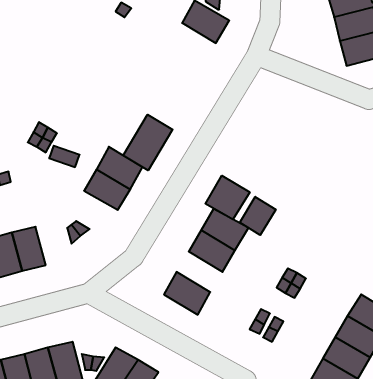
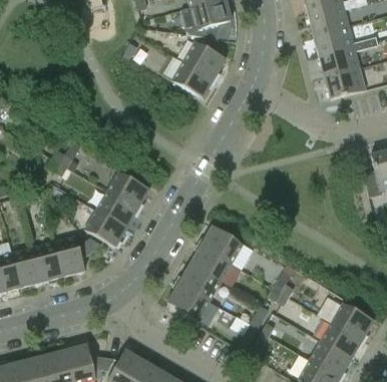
building: none -> [172,60,215,97]
building: [123,115,173,170] -> none
building: [205,176,250,219] -> none
building: none -> [85,210,127,247]
building: [240,197,276,235] -> none
building: none -> [54,236,85,276]
building: none -> [179,264,221,300]

